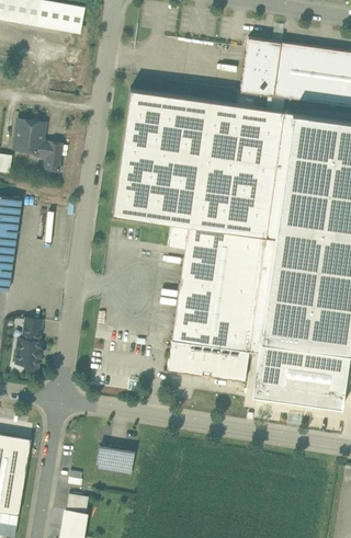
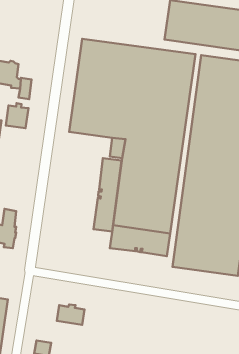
building: none -> [6,103,28,128]
building: none -> [94,158,121,232]

